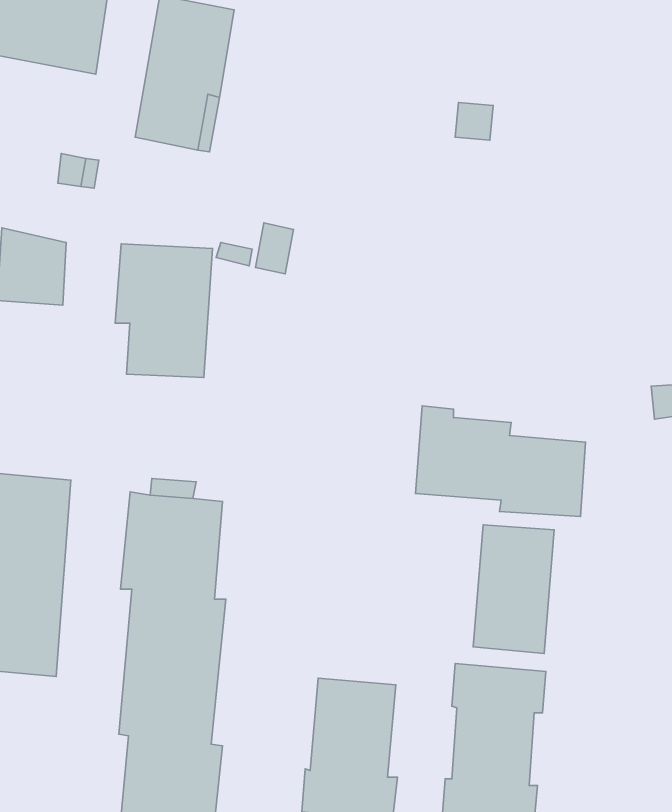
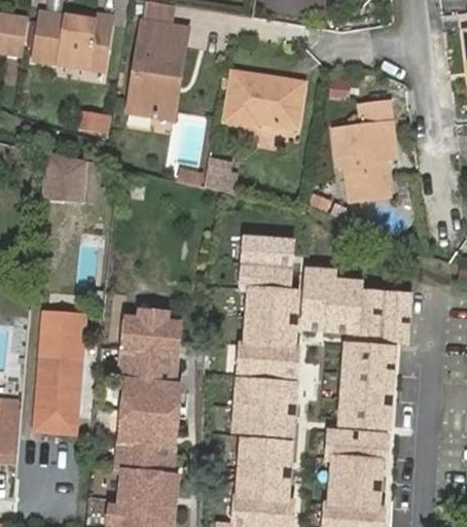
building: none -> [225,68,303,124]
building: none -> [332,108,394,207]
building: [115,244,213,377] -> none
building: none -> [236,237,296,377]
building: none -> [229,380,292,436]

